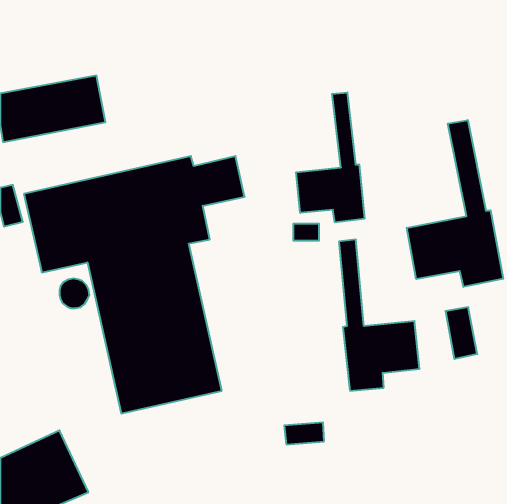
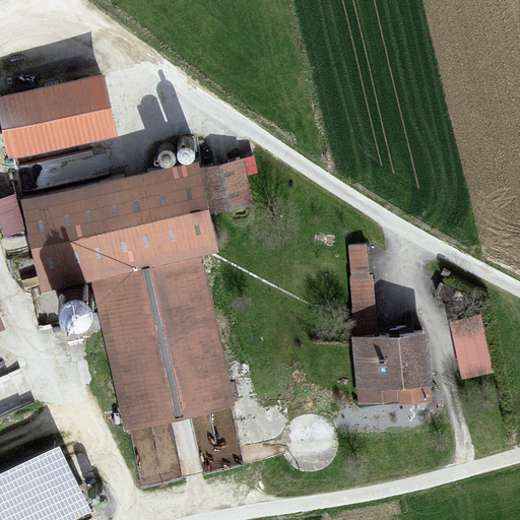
building: [296,92,364,222] -> none
building: [407,120,503,287] -> none

